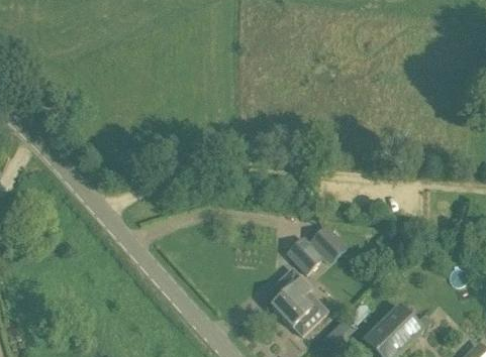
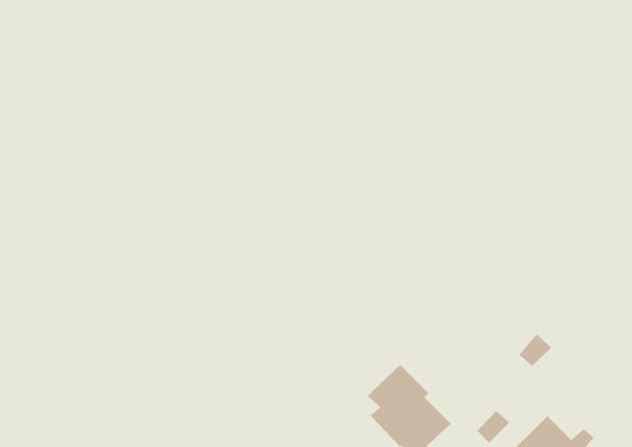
building: [286,225,347,273] -> none

